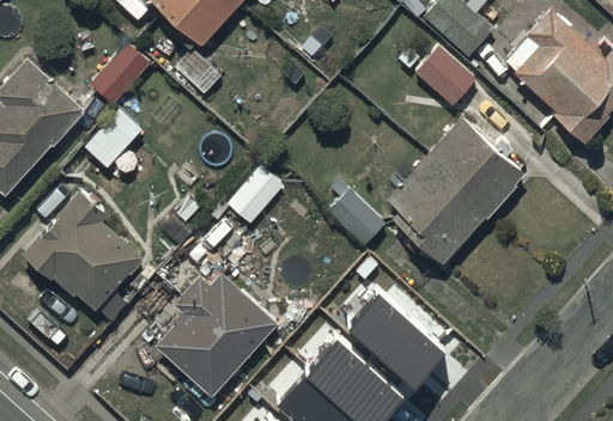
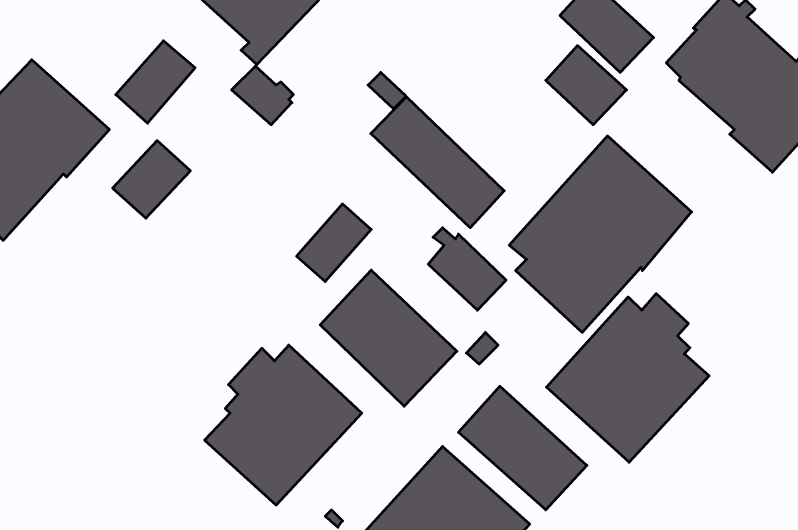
building: none -> [371,97,504,228]
building: [24,188,141,319] -> none
building: none -> [320,270,457,406]
building: none -> [546,294,709,462]

